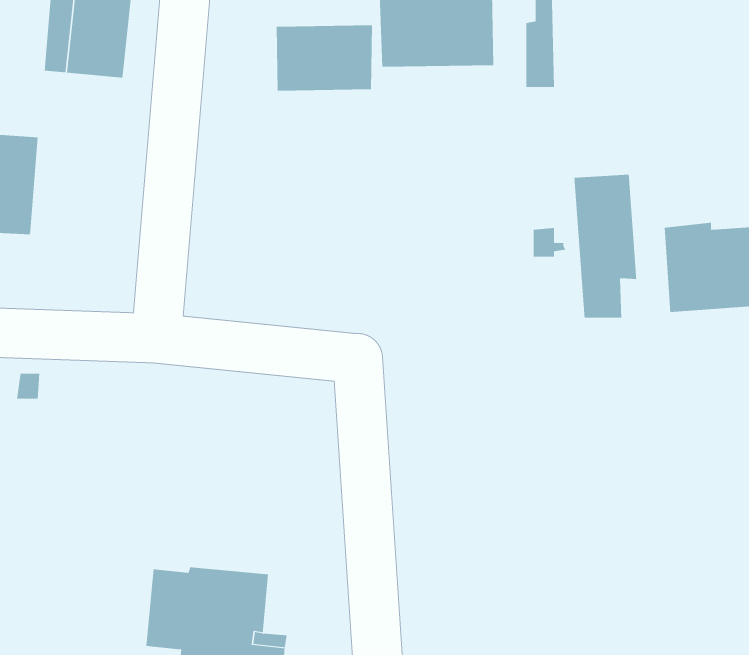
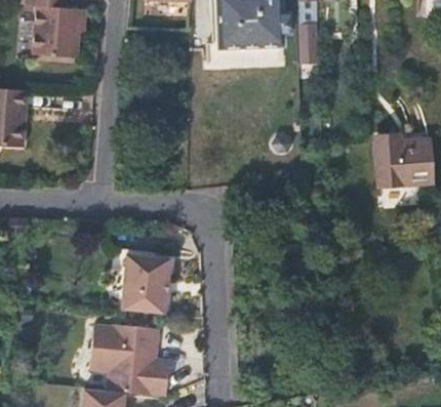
building: [276,24,373,92] -> none
building: [574,174,637,319] -> none
building: none -> [124,255,173,316]

